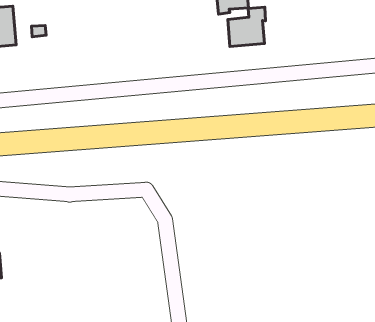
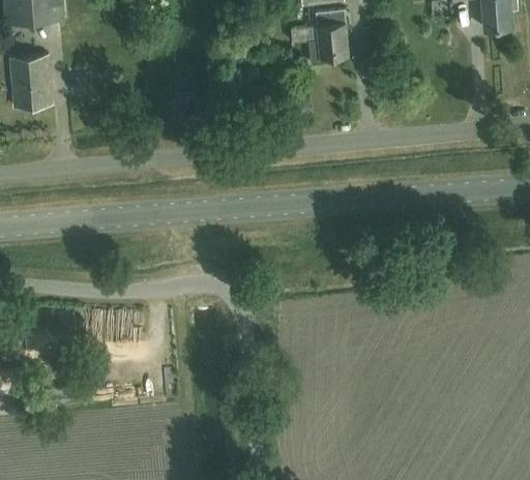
building: [228,7,265,47] -> none

